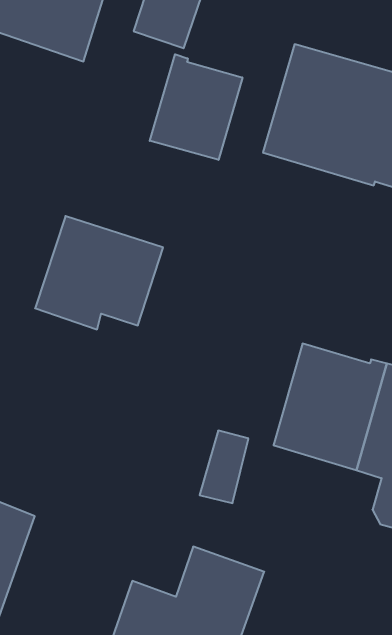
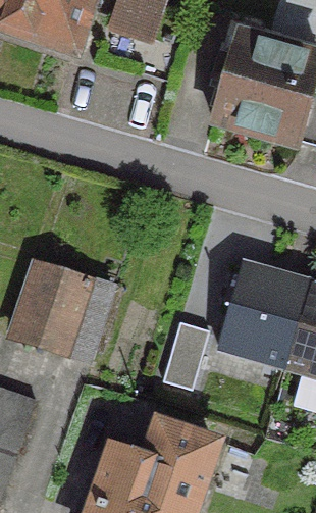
building: [150,54,242,160] -> none
building: [35,216,163,329] -> [12,264,111,352]

